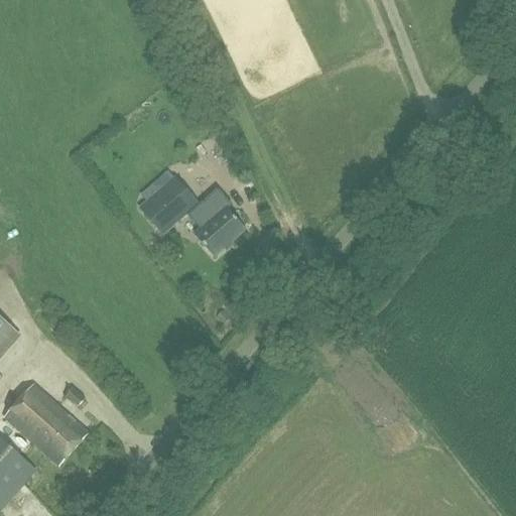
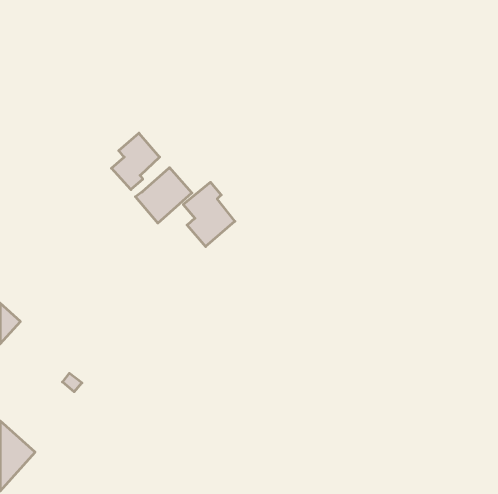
building: none -> [111,133,160,190]
building: [4,384,88,466] -> none

